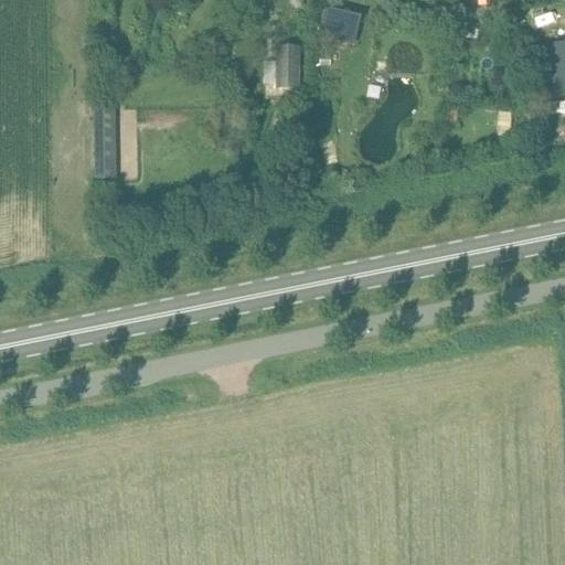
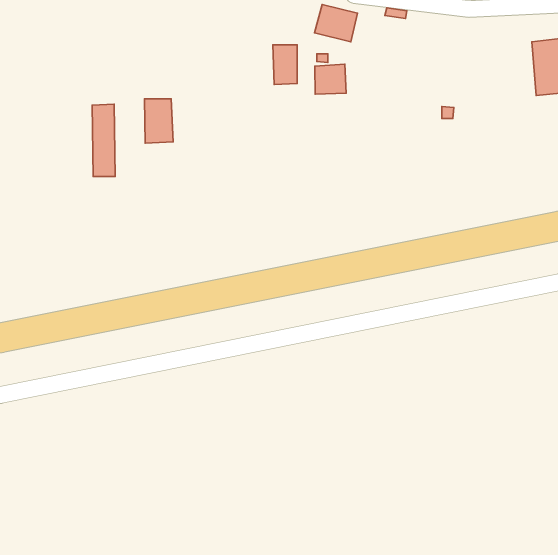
building: none -> [315,64,346,94]
building: none -> [144,99,173,143]

